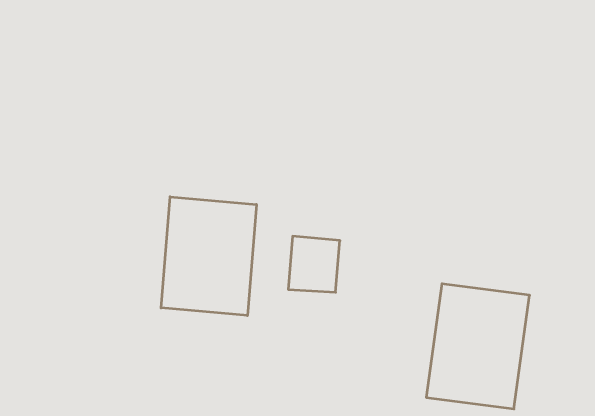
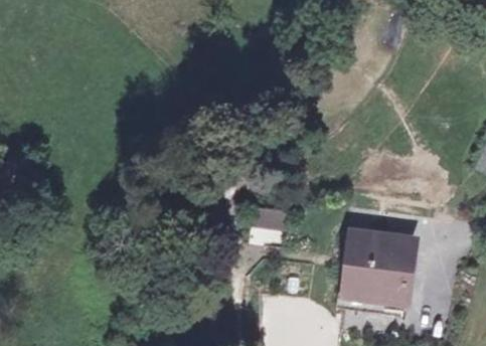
building: [161,197,256,316] -> none

